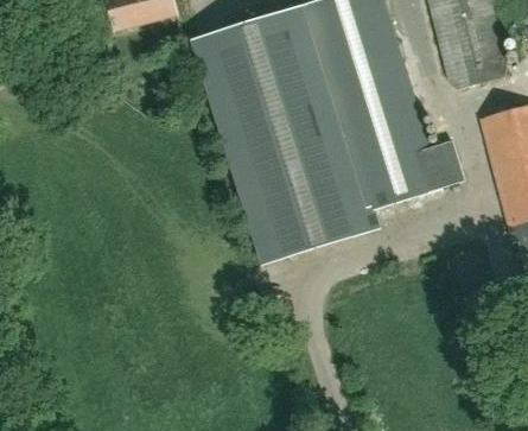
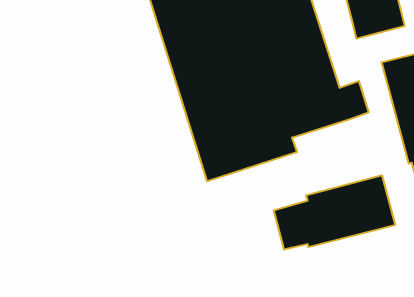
building: none -> [274,175,395,250]

